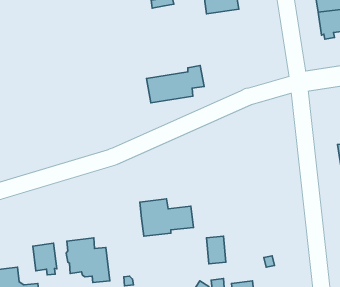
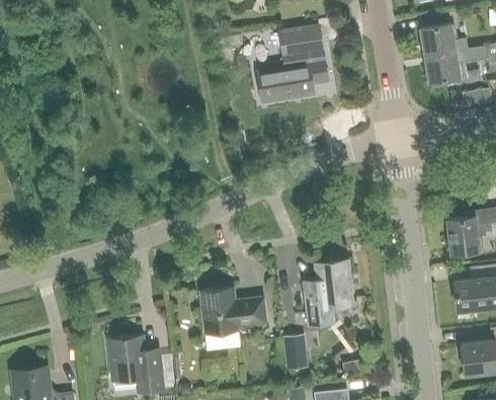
building: [147,65,204,103] -> [257,56,329,102]
building: none -> [304,260,353,325]
building: [33,243,57,275] -> none

